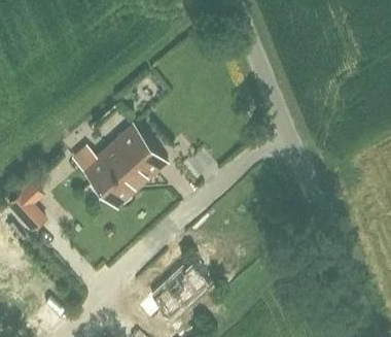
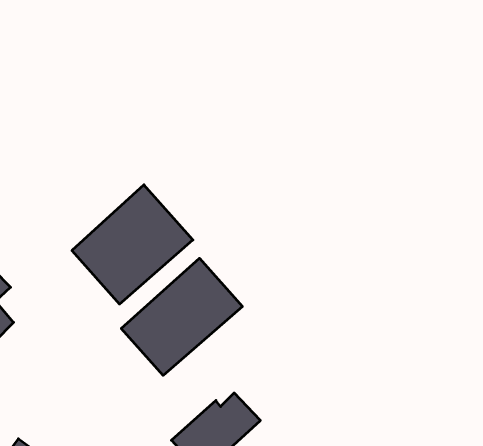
building: none -> [121,258,242,375]

